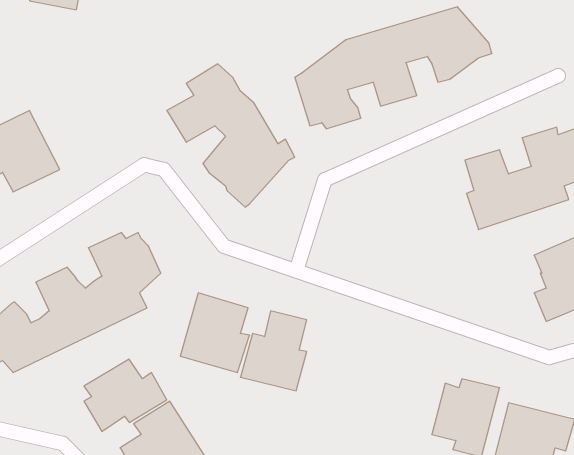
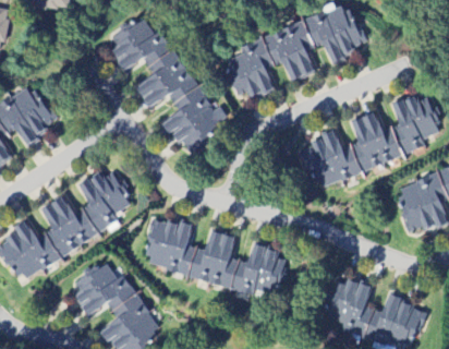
building: none -> [111,16,165,73]
building: none -> [302,134,360,188]
building: none -> [230,244,289,294]

